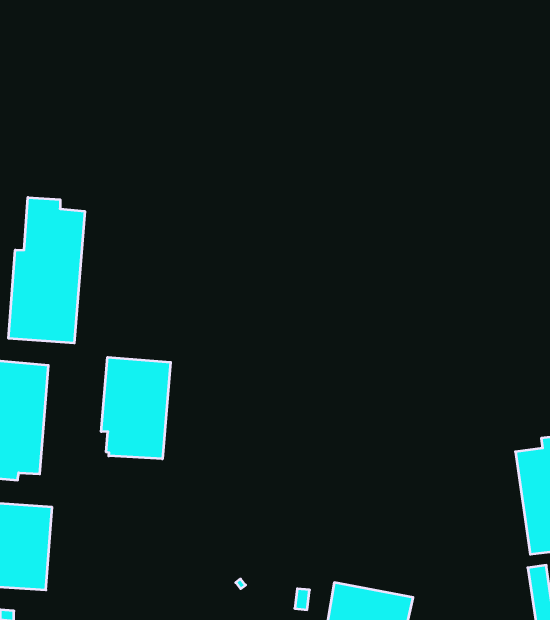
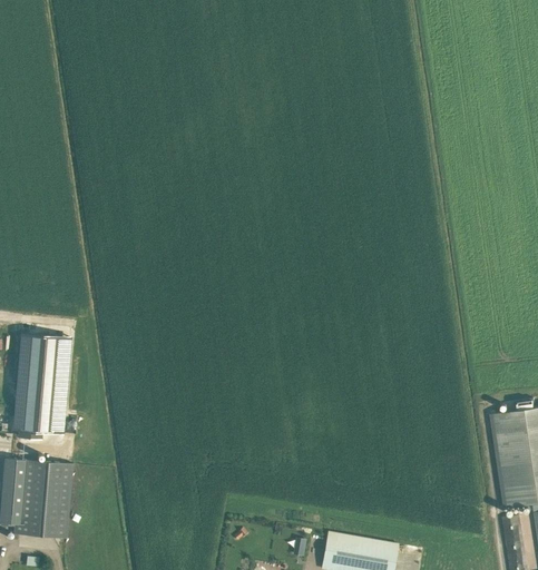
building: [9,197,85,343] -> none
building: [101,357,171,459] -> none

